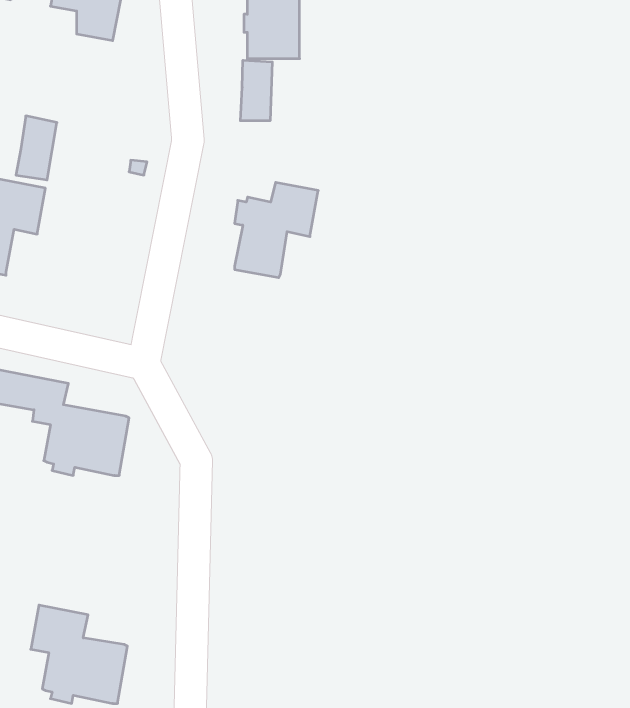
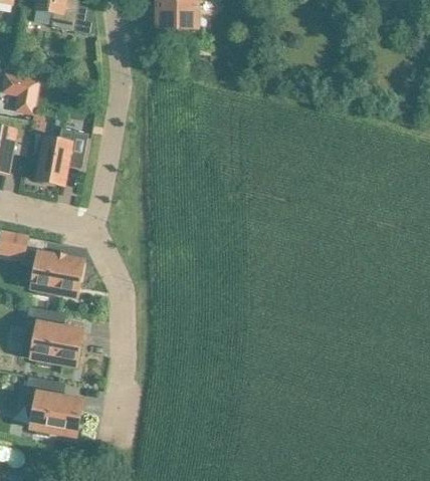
building: [240,60,272,121] -> none
building: [235,182,318,278] -> [36,128,87,186]
building: none -> [20,306,82,366]

